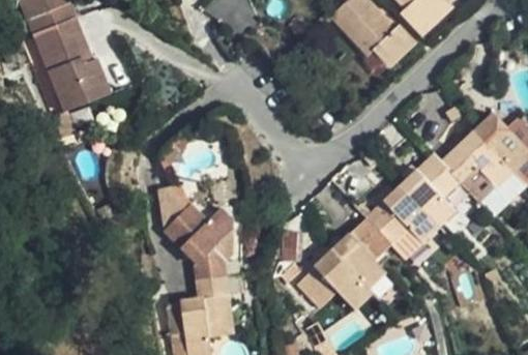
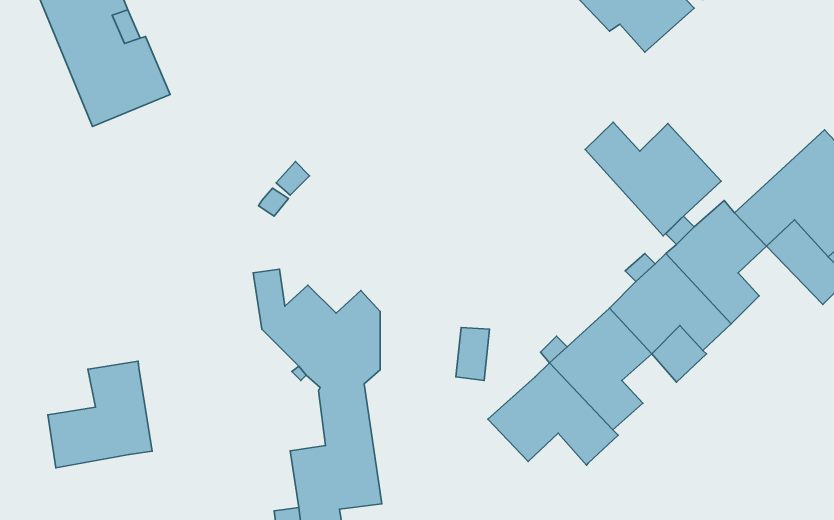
building: none -> [585,122,721,236]
building: none -> [48,361,152,468]

